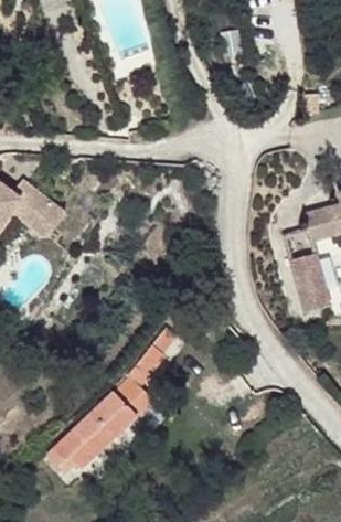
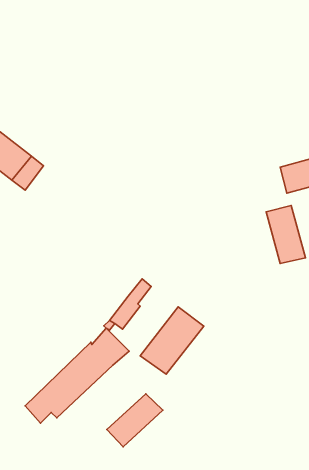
building: none -> [140,307,204,374]
building: none -> [107,394,163,447]

